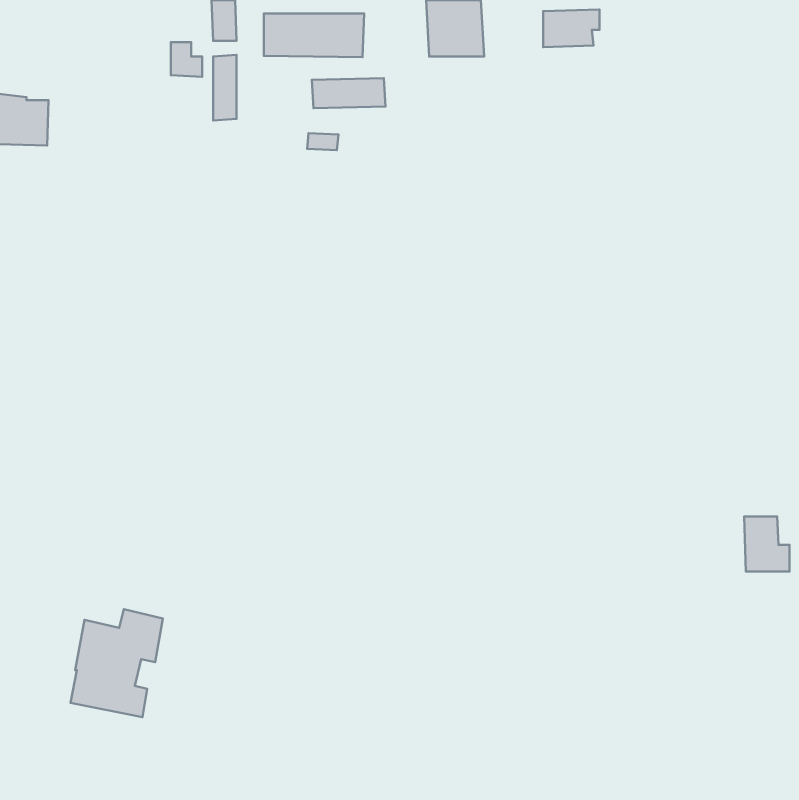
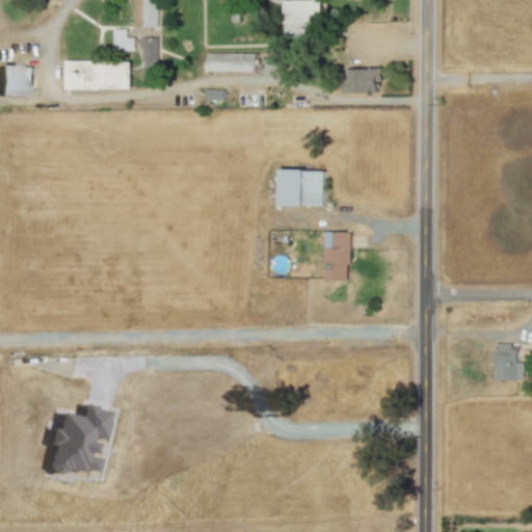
building: [543,10,600,47] -> [344,68,381,92]
building: [264,13,364,57] -> [64,60,131,89]
building: none -> [280,169,324,206]
building: none -> [323,231,349,280]

